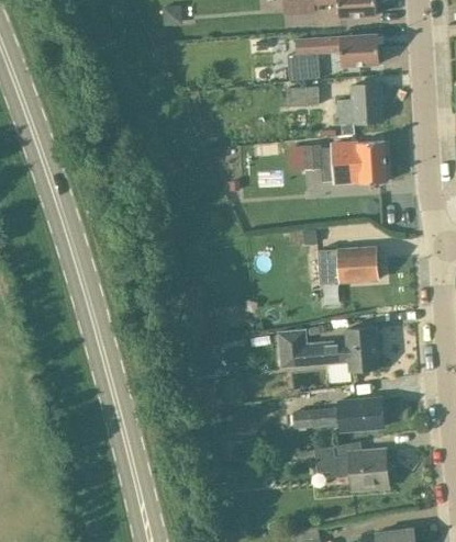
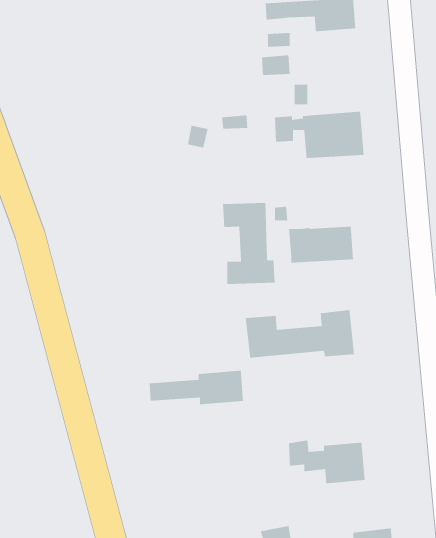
building: [352,83,383,123] -> none
building: none -> [222,202,275,285]
building: [294,398,383,431] -> [149,370,244,405]

